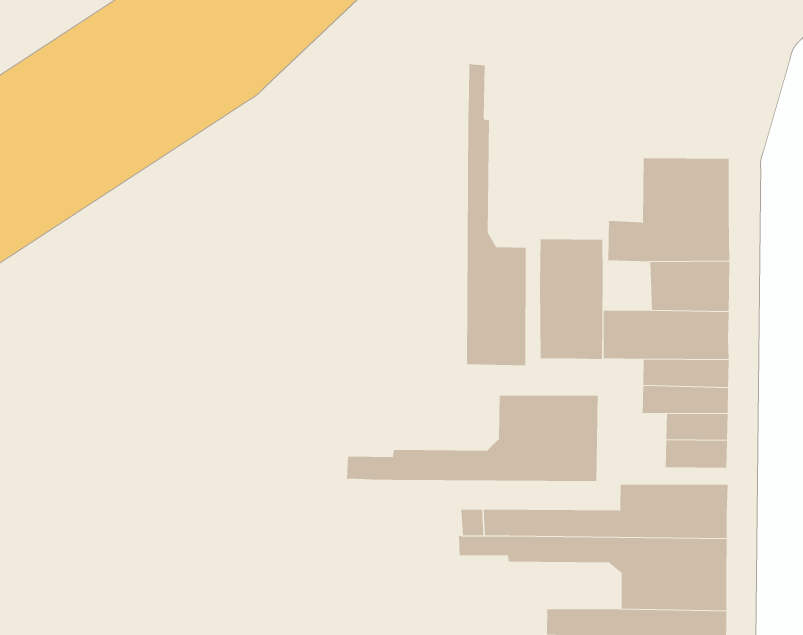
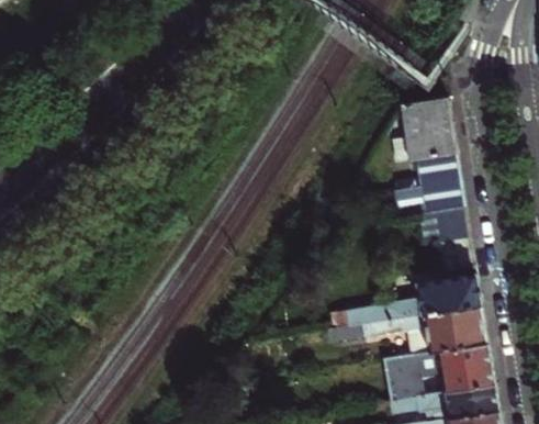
building: [466,64,526,366] -> none
building: [540,239,603,360] -> none
building: [347,395,598,482] -> none

